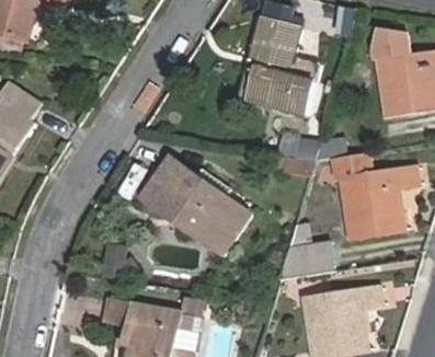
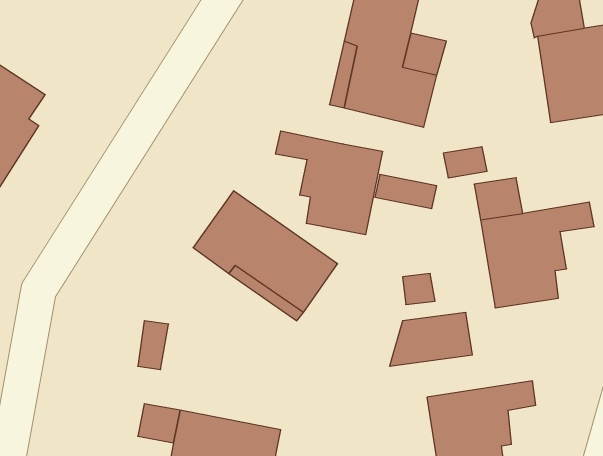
building: none -> [275,131,382,235]

